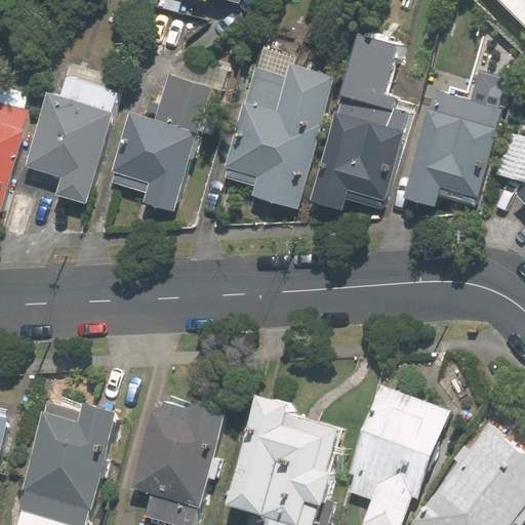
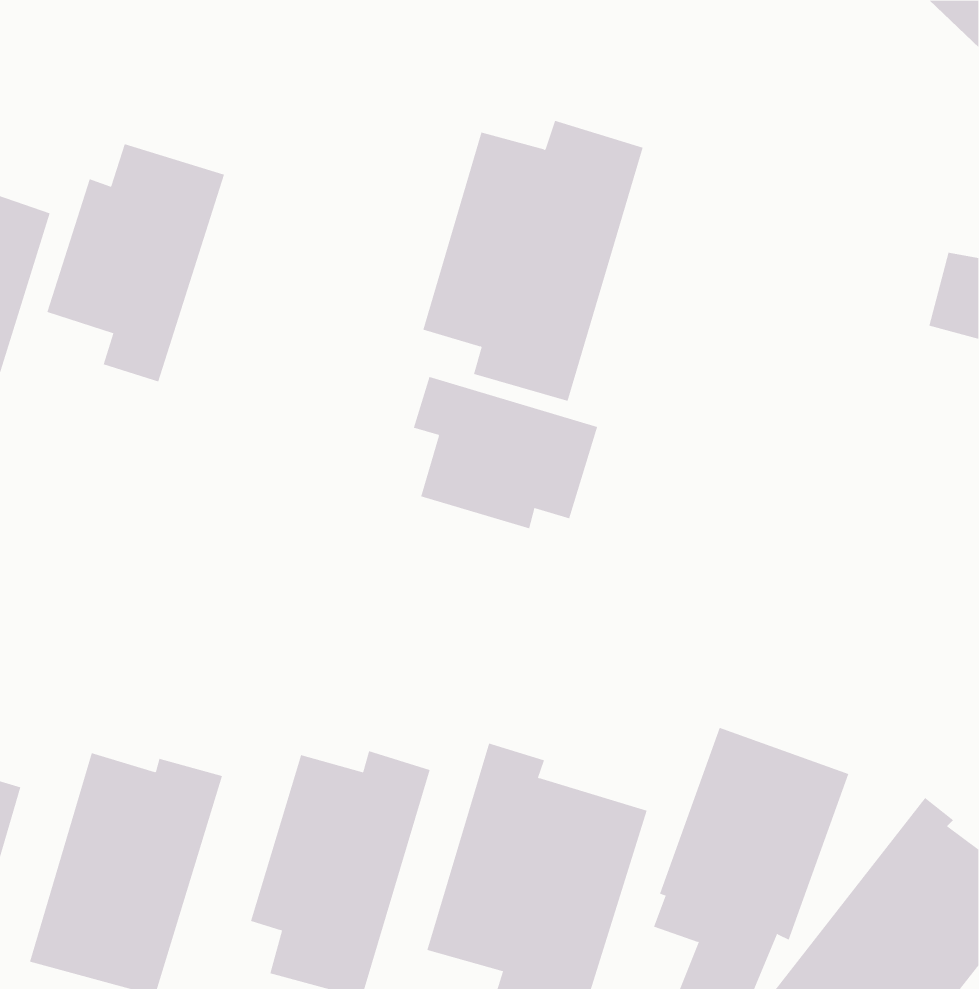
building: [313,32,413,210] -> none
building: [396,72,499,207] -> none
building: [108,76,209,213] -> none
building: none -> [413,376,598,529]

